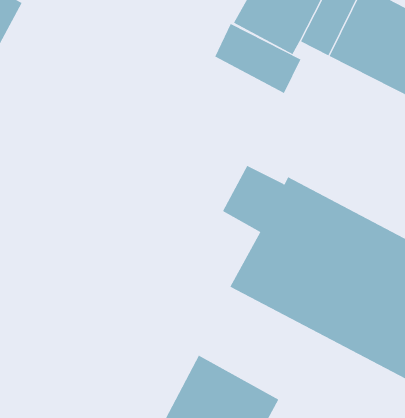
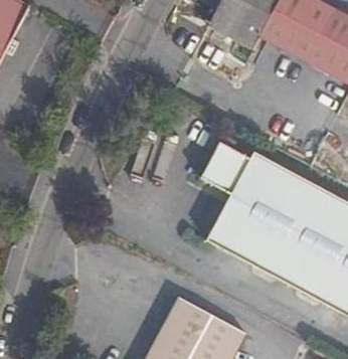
building: [214,23,301,94] -> none

